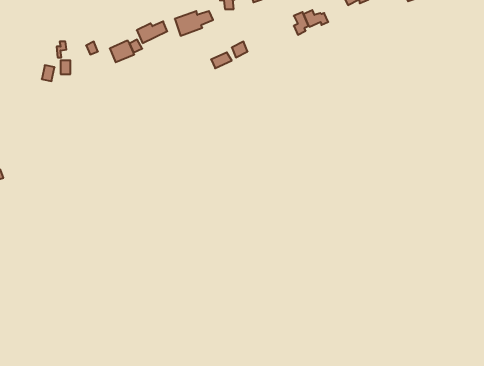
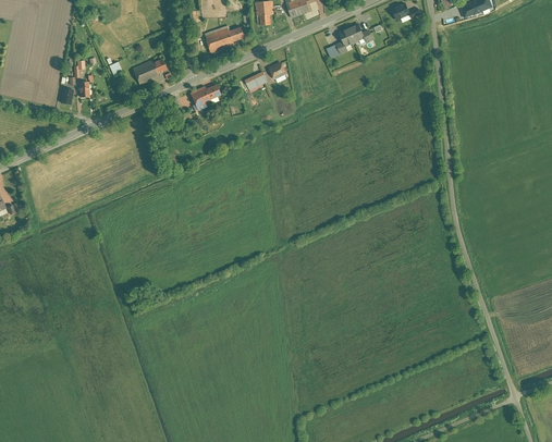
building: [137,21,167,43] -> [188,83,222,107]

